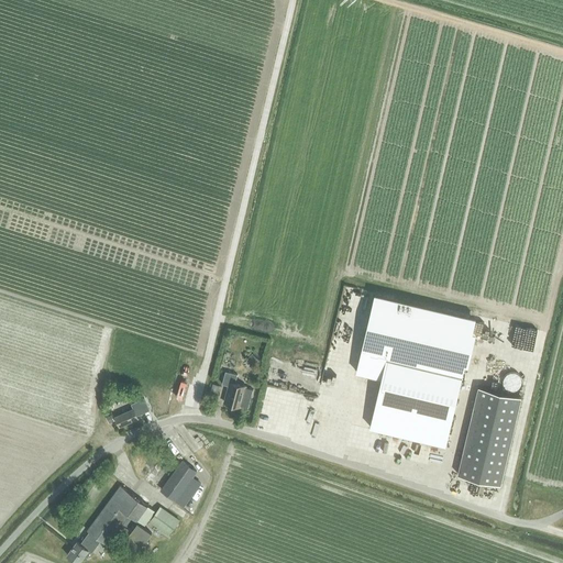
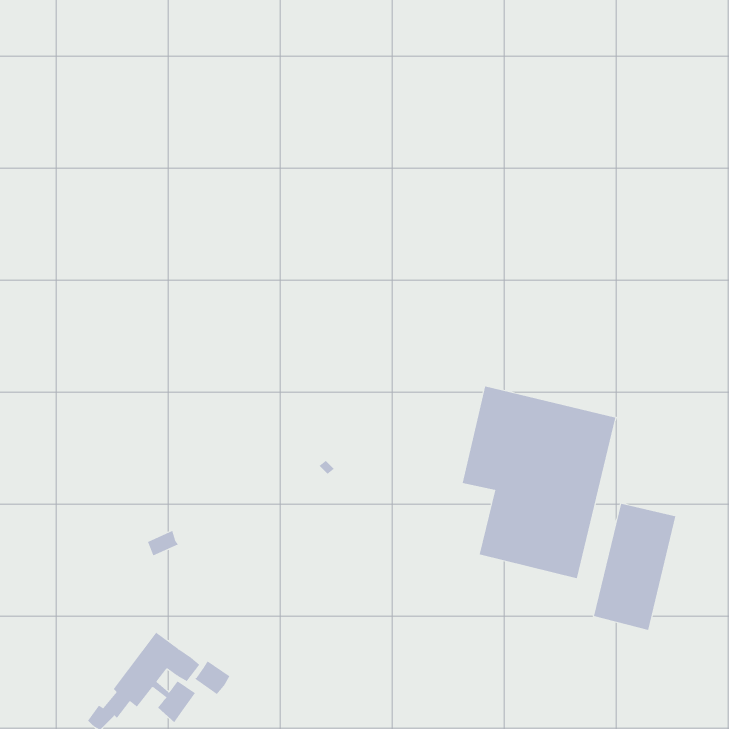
building: [221,372,252,408] -> none
building: [159,462,199,507] -> none

